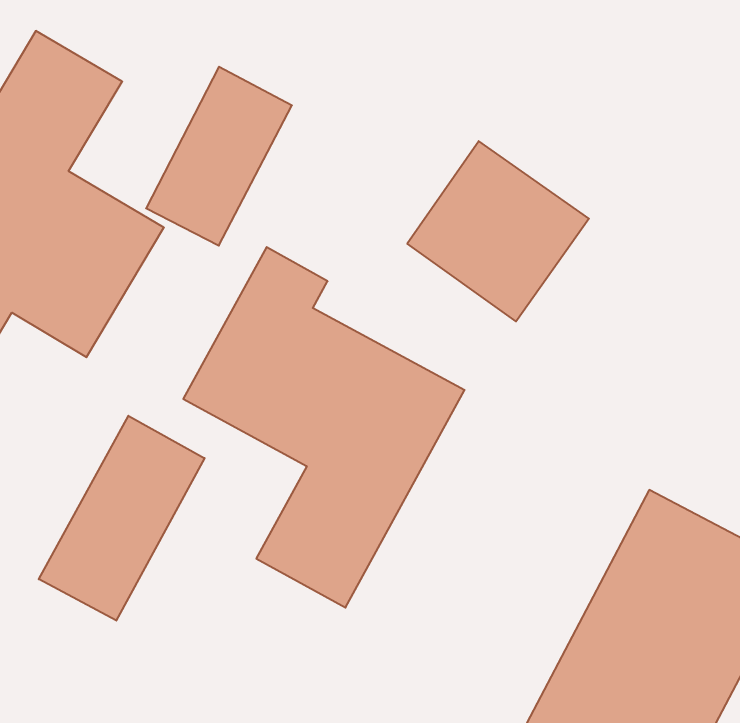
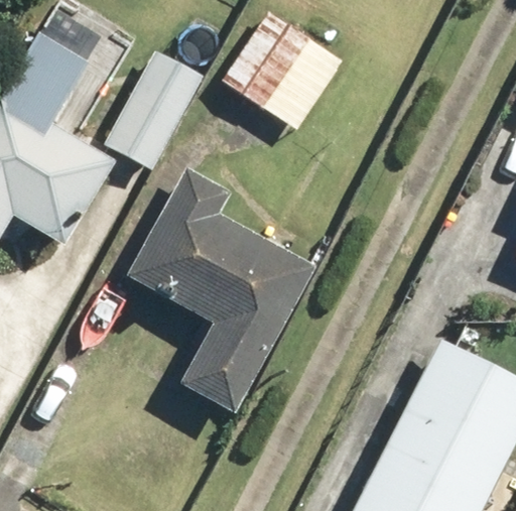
building: [407,141,589,321] -> [221,9,344,131]
building: [39,416,205,621] -> none

